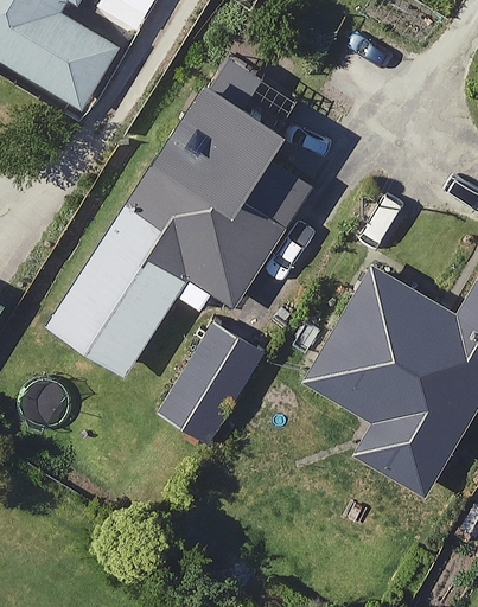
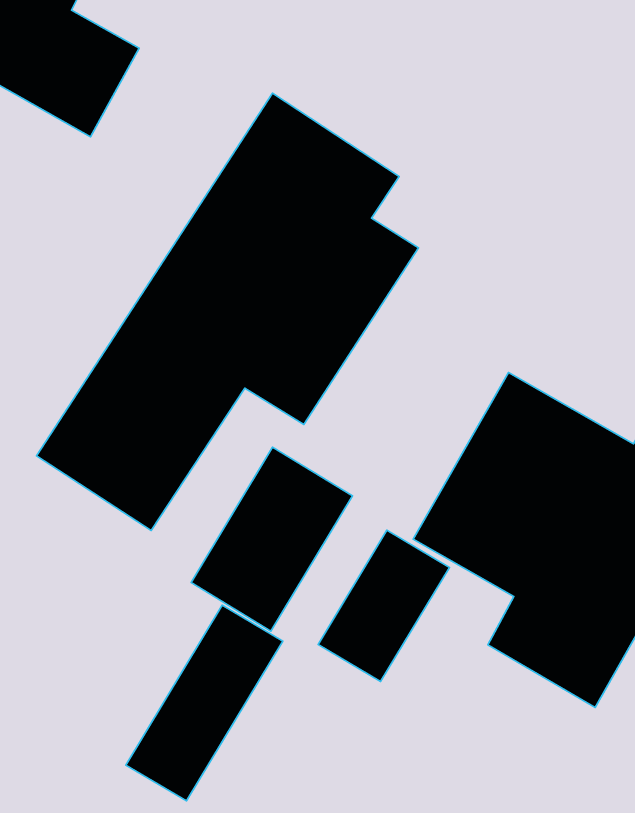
building: none -> [318,530,449,682]
building: none -> [126,605,283,801]

